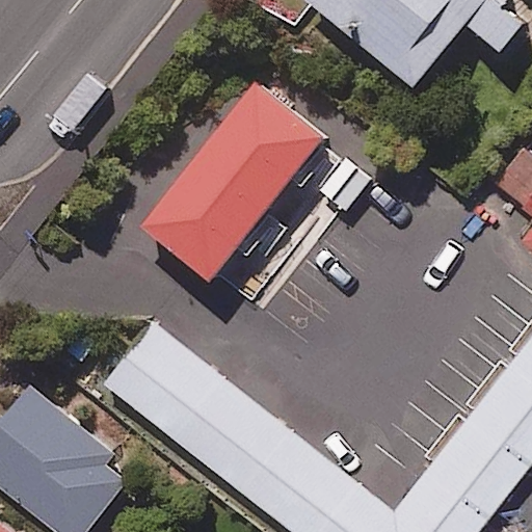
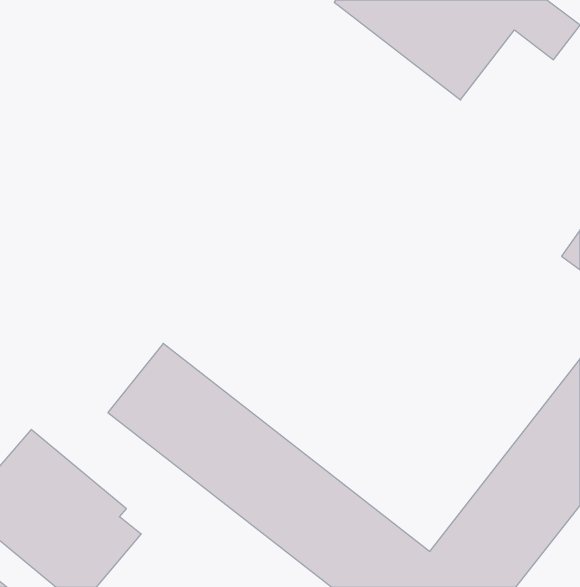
building: [140,86,351,286] -> none

